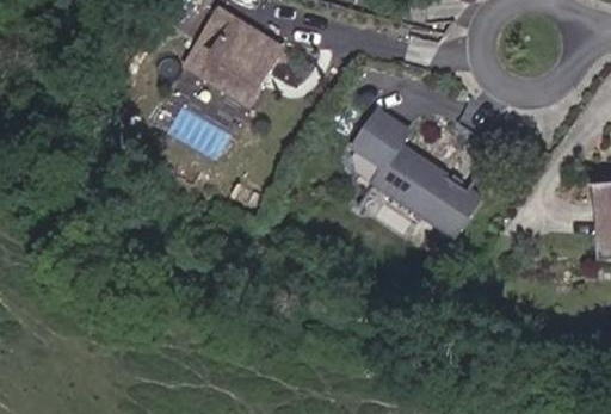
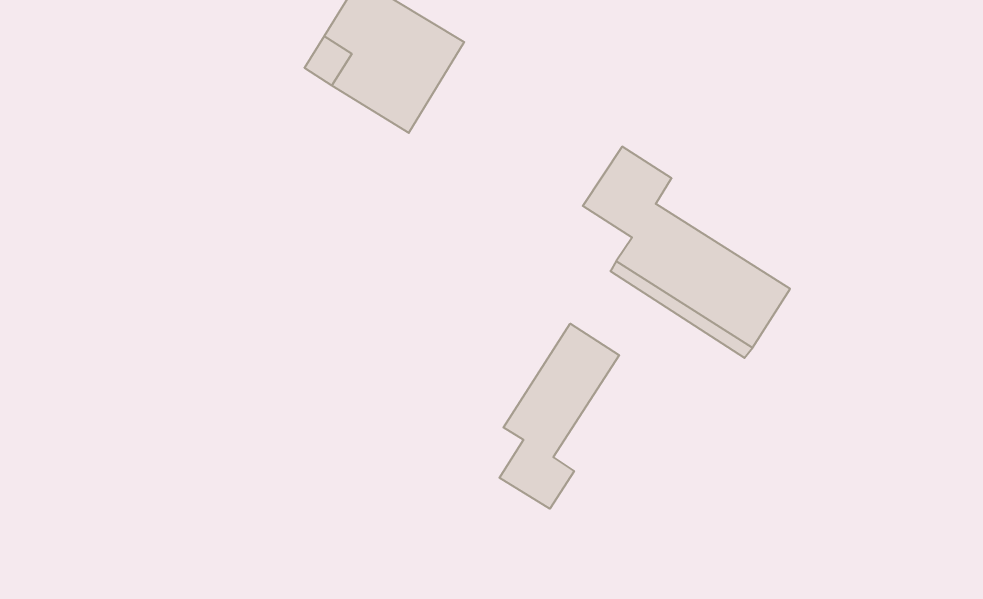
building: none -> [499,324,619,509]

